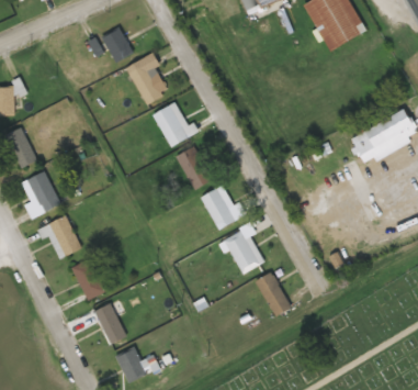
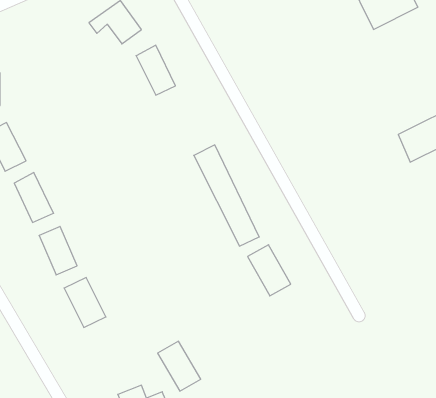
building: [154,105,188,146] -> none
building: [253,270,290,315] -> none
building: [90,303,126,345] -> [158,341,201,391]

